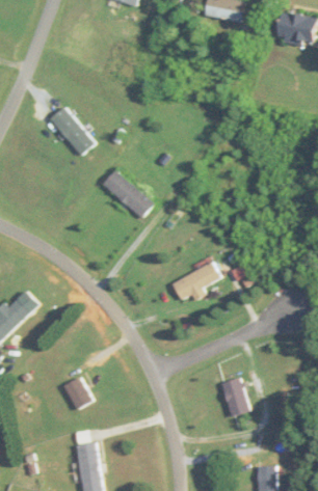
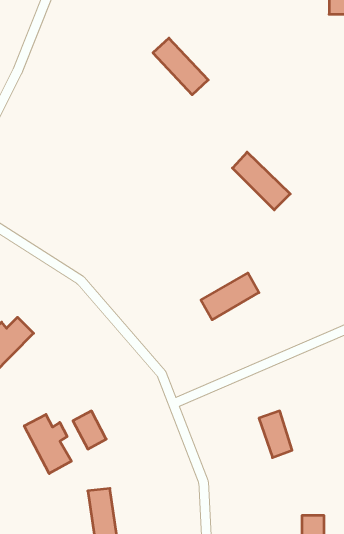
building: [48,107,95,155] -> [153,38,208,95]
building: [103,169,152,218] -> [232,152,290,210]
building: none -> [24,414,71,474]

